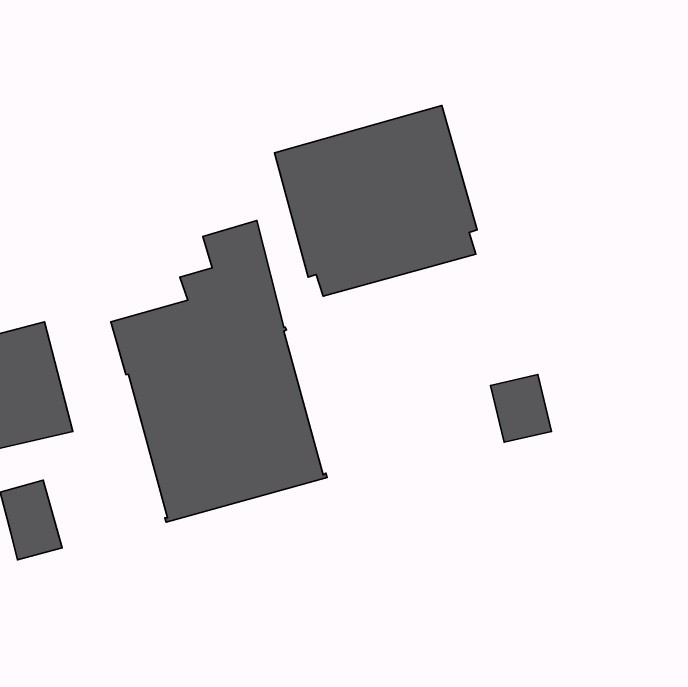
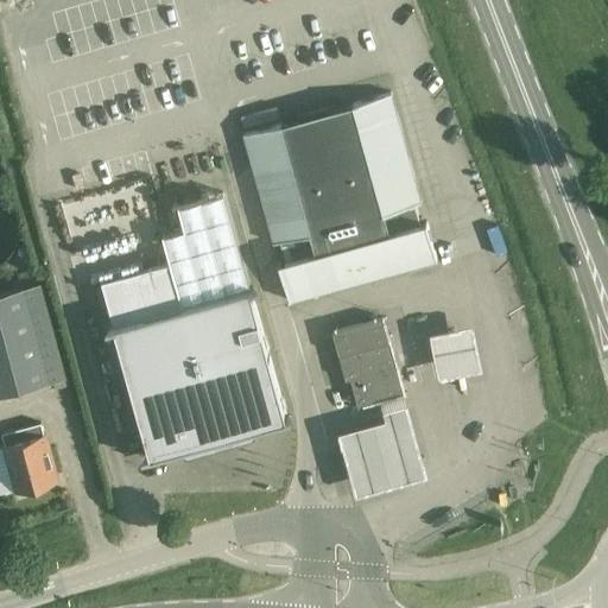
building: none -> [277,224,435,304]
building: none -> [330,321,401,408]
building: none -> [342,413,430,499]

